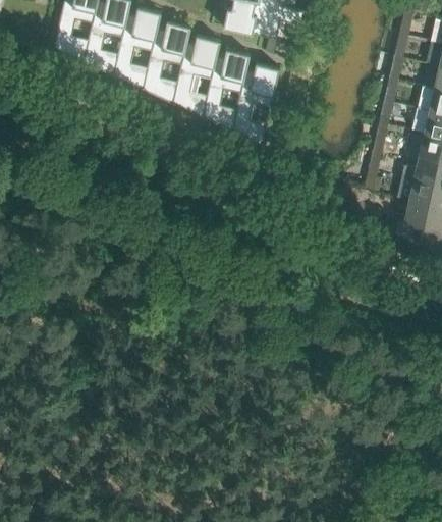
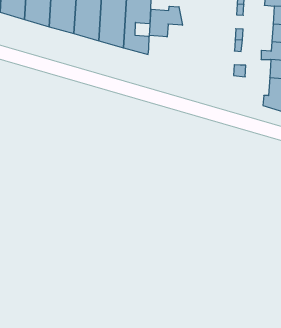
building: none -> [150,6,182,37]

